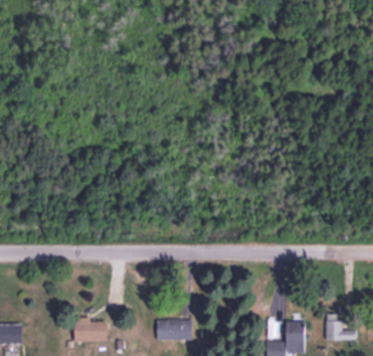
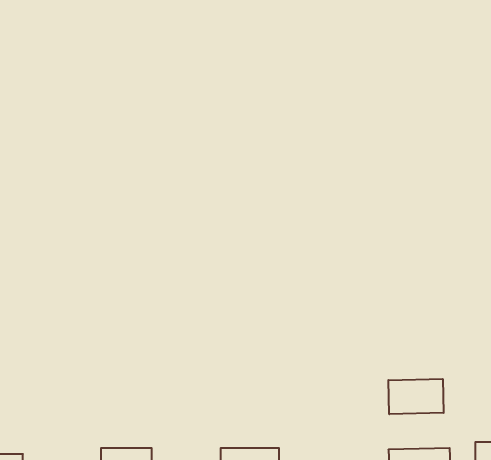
building: none -> [388,379,444,414]

